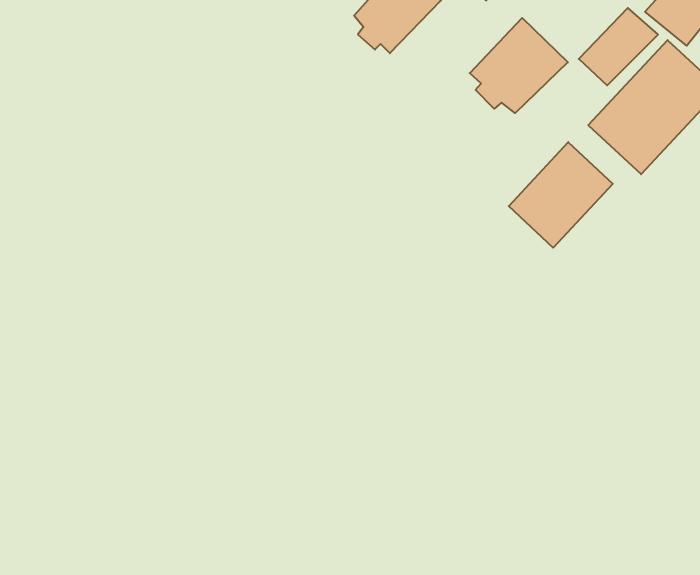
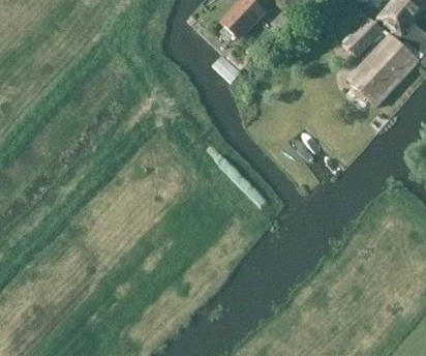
building: [470,18,568,113] -> none
building: [509,142,613,248] -> none

